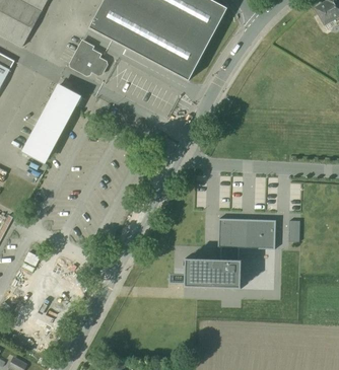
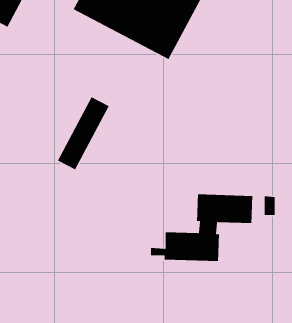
building: [70,38,109,75] -> none
building: [23,85,78,162] -> [57,96,110,171]

